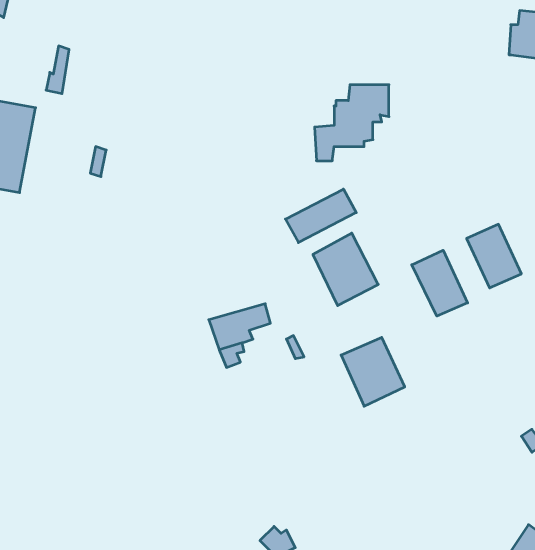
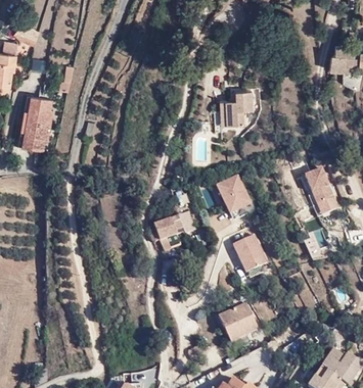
building: [285,189,356,243] -> none
building: [412,250,468,316] -> none
building: none -> [214,298,259,342]

